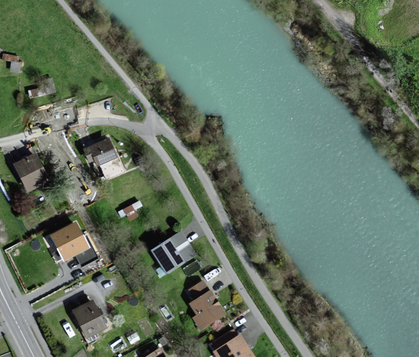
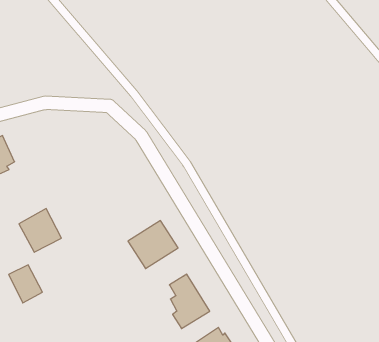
building: [84,138,123,178] -> none
building: [74,302,105,337] -> [9,265,42,303]

